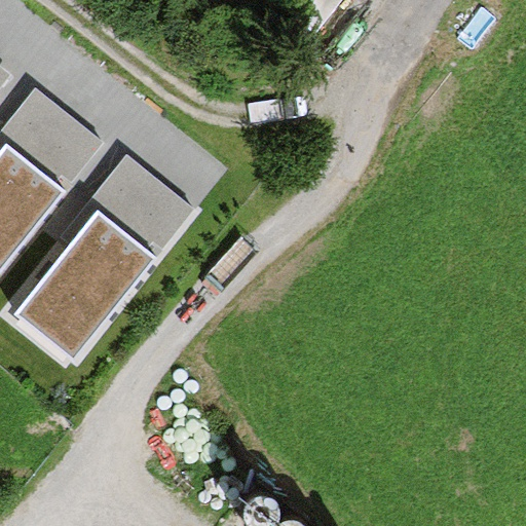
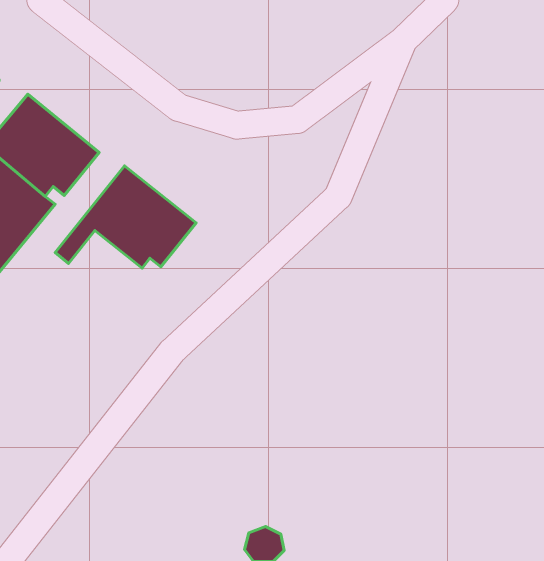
building: [20,216,155,359] -> none

